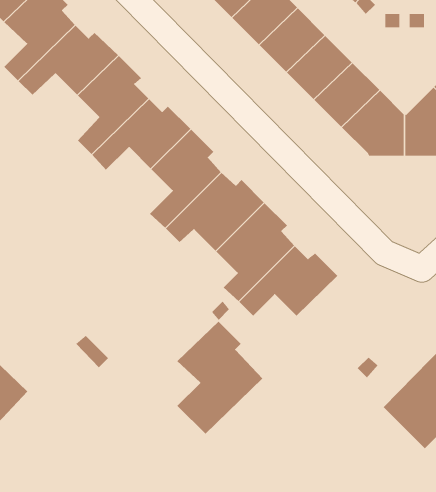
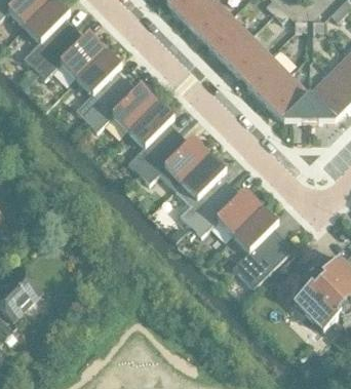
building: [177,321,263,435] -> [232,206,294,287]

